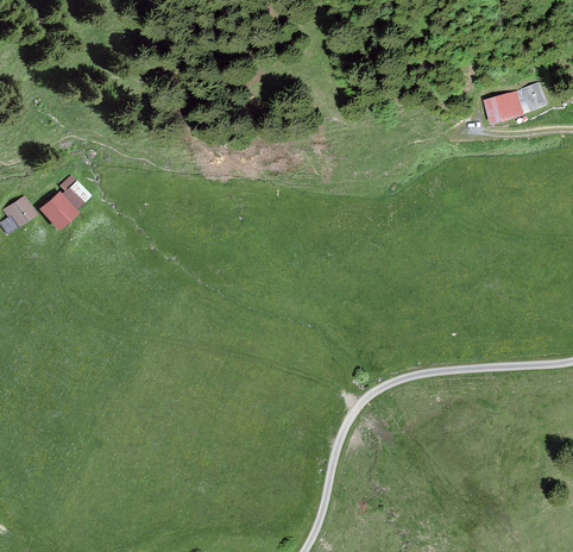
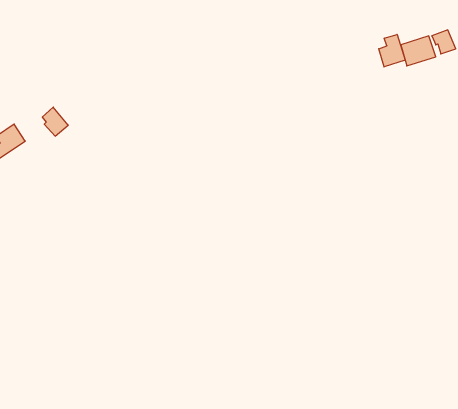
building: none -> [379,34,405,67]
building: [37,190,76,230] -> none

